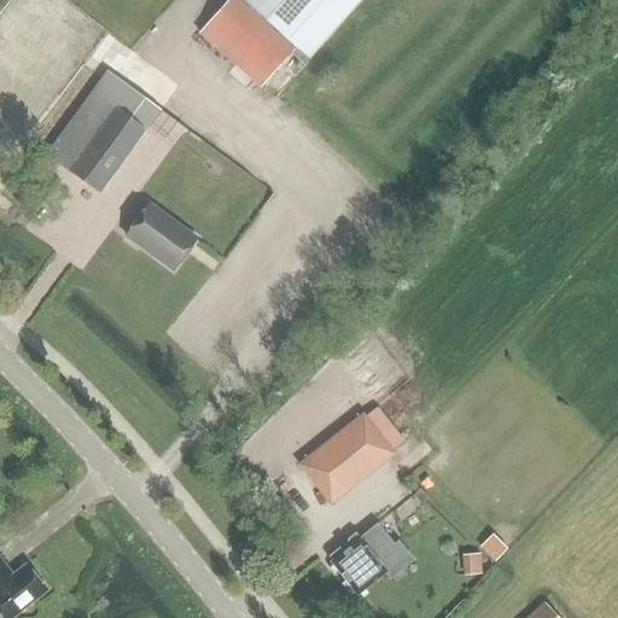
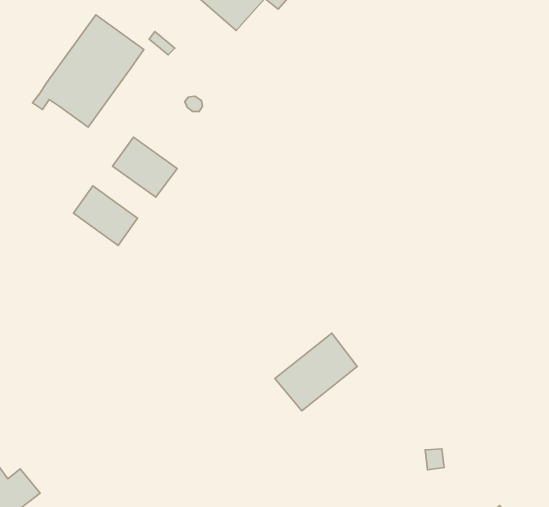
building: none -> [73,186,138,245]
building: [330,521,415,593] -> none

